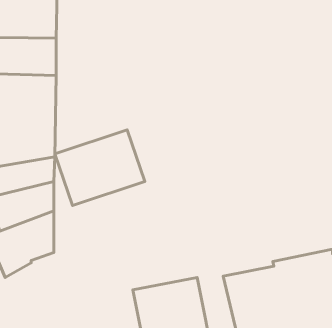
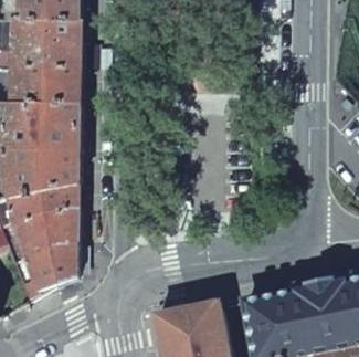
building: [55,130,145,205] -> none

